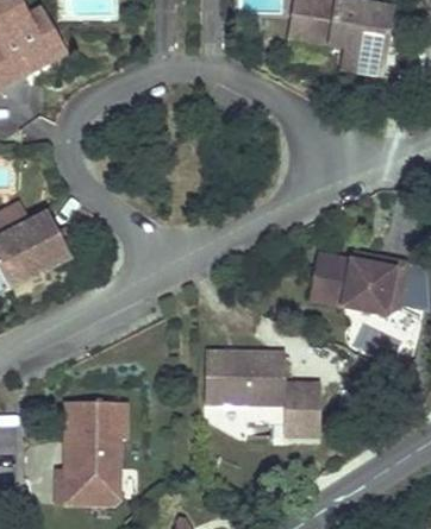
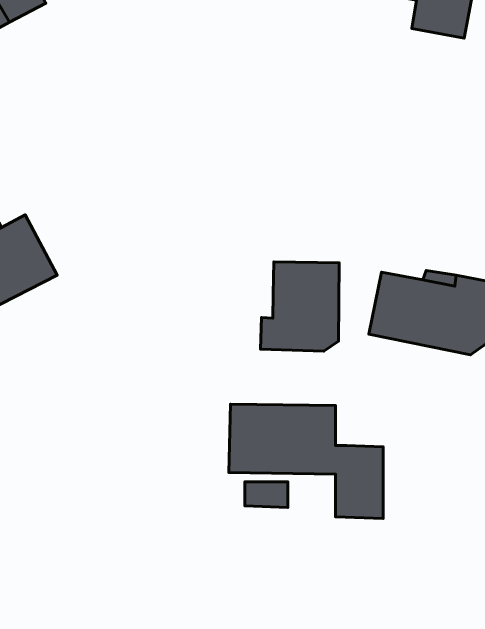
building: none -> [261,262,339,351]
building: [54,398,125,503] -> none

